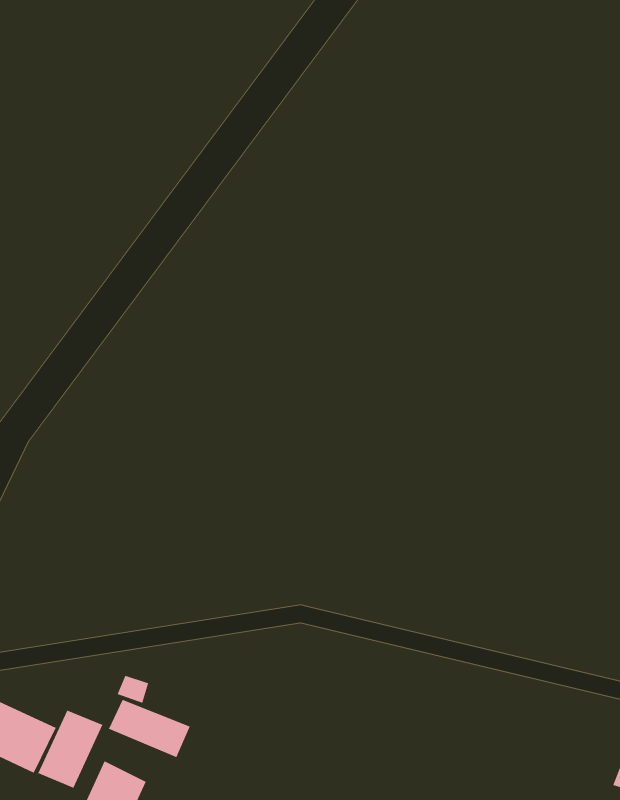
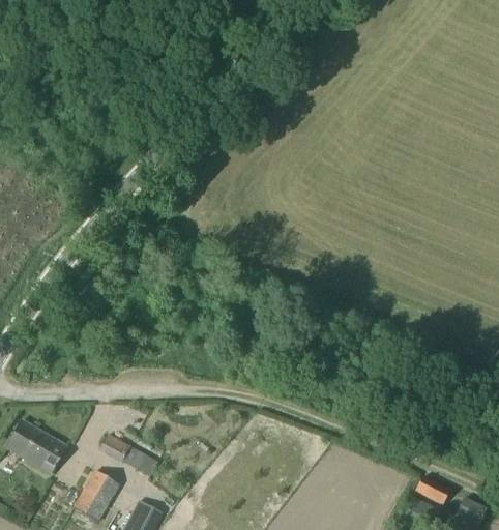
building: [37,709,103,789] -> none

